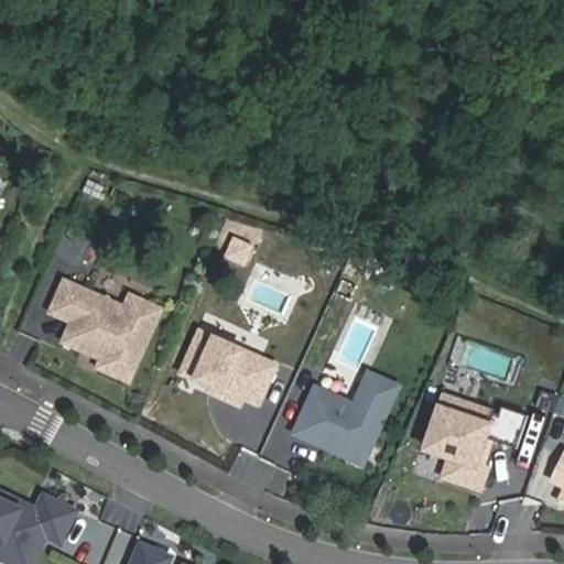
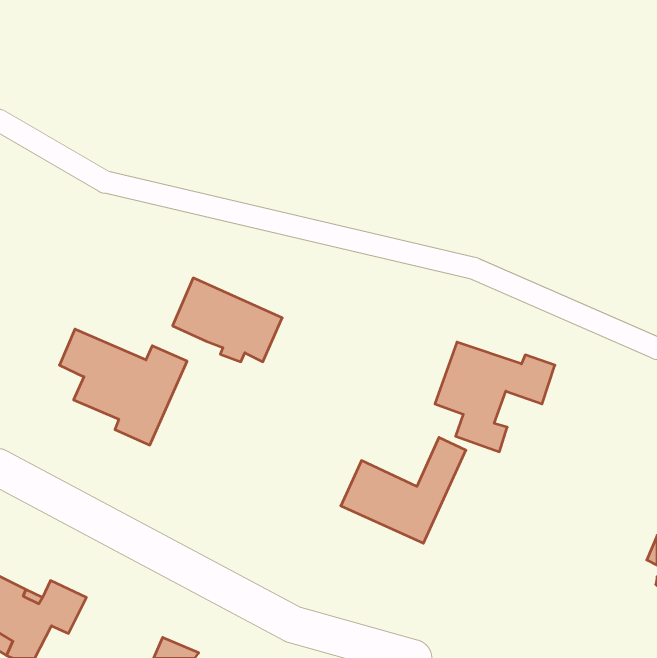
building: [181,330,274,402] -> [173,278,282,362]
building: [424,395,527,489] -> [435,342,555,452]

